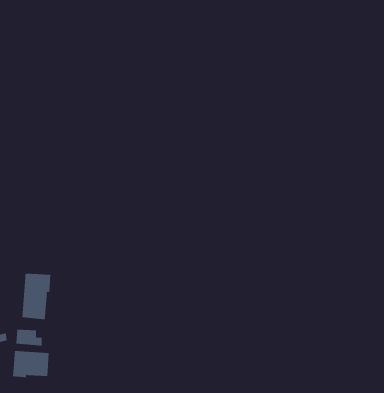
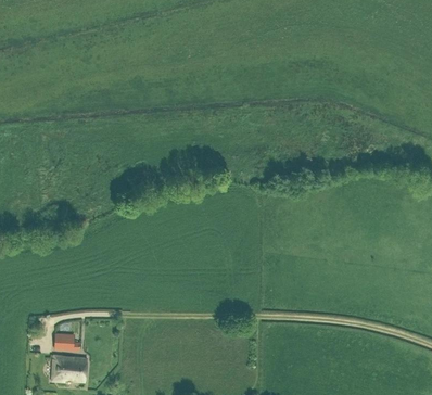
building: [22,273,51,320] -> none

